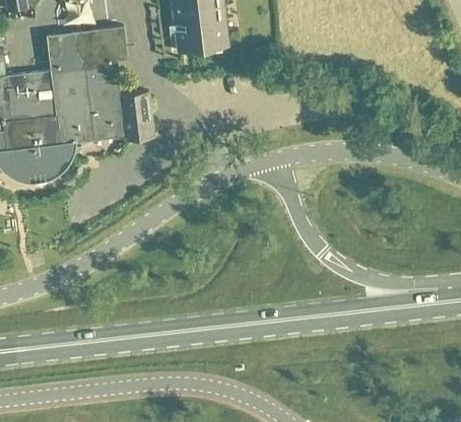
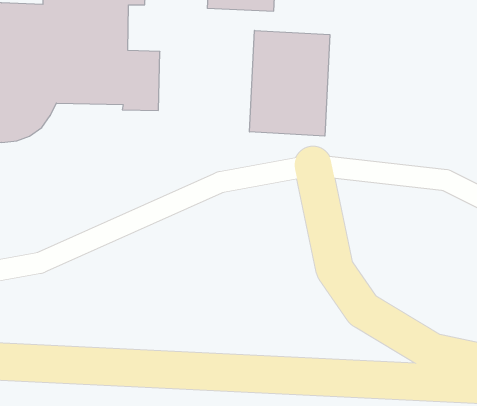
building: none -> [250,30,330,136]

